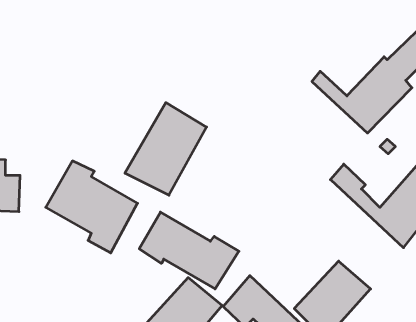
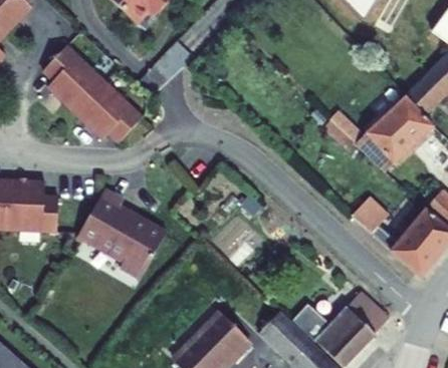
building: none -> [44,46,145,143]
building: [125,103,207,195] -> none
building: [139,212,239,289] -> none

